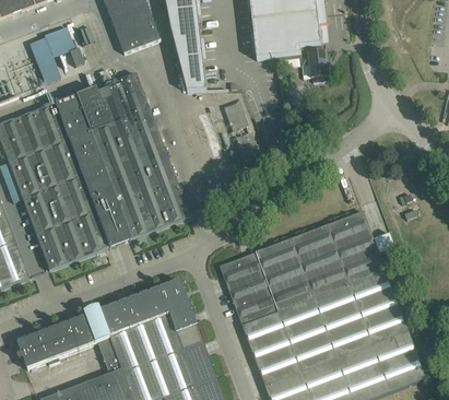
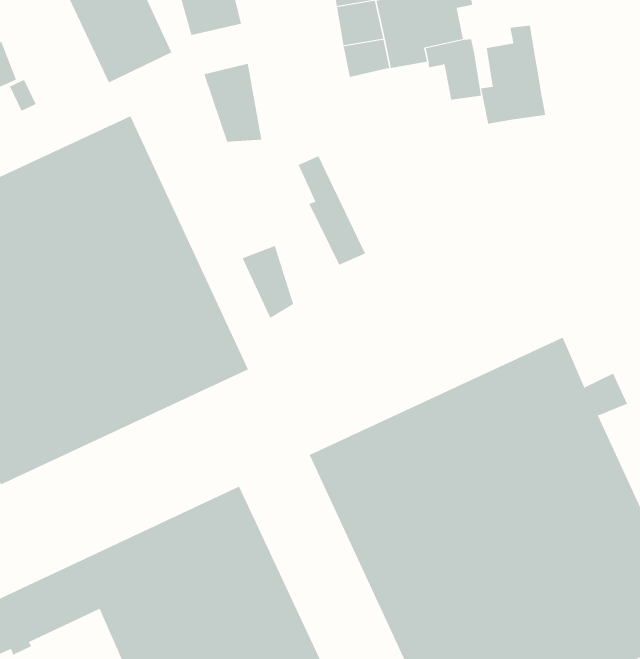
building: [172,25,202,51] -> none
building: none -> [481,25,546,124]
building: none -> [242,245,294,319]

